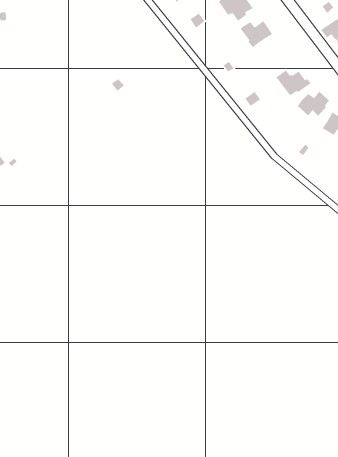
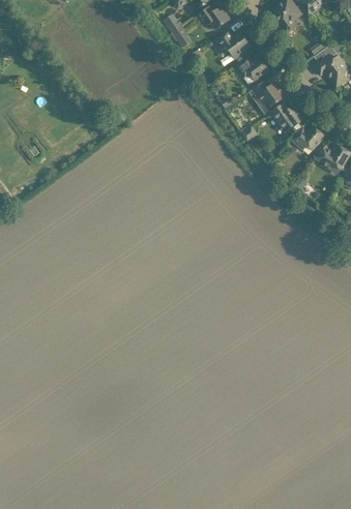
building: none -> [252,81,286,107]

